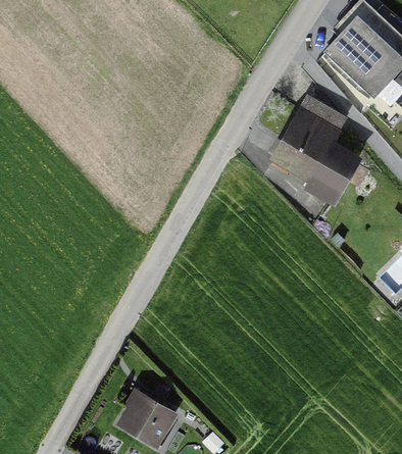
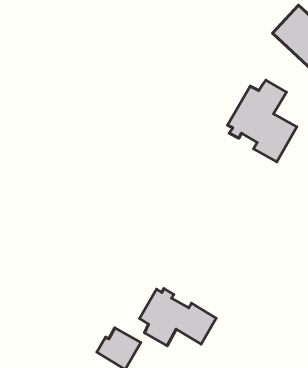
building: none -> [140,288,216,346]

